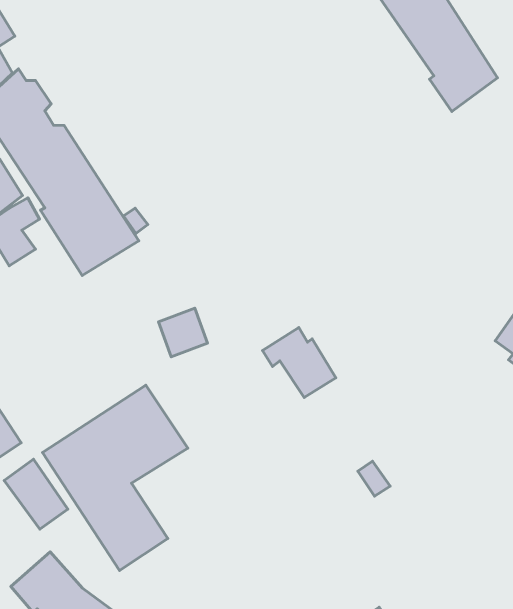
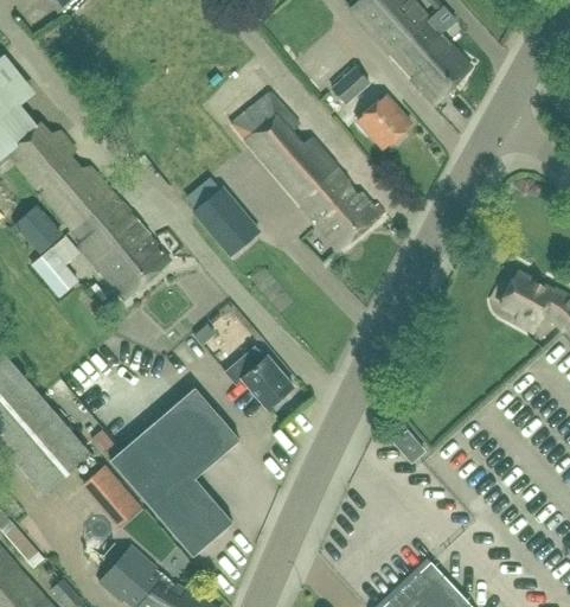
building: none -> [332,68,370,104]
building: none -> [231,90,384,250]
building: none -> [358,95,411,149]
building: none -> [192,190,254,254]
building: [263,328,336,398] -> [225,346,294,408]

